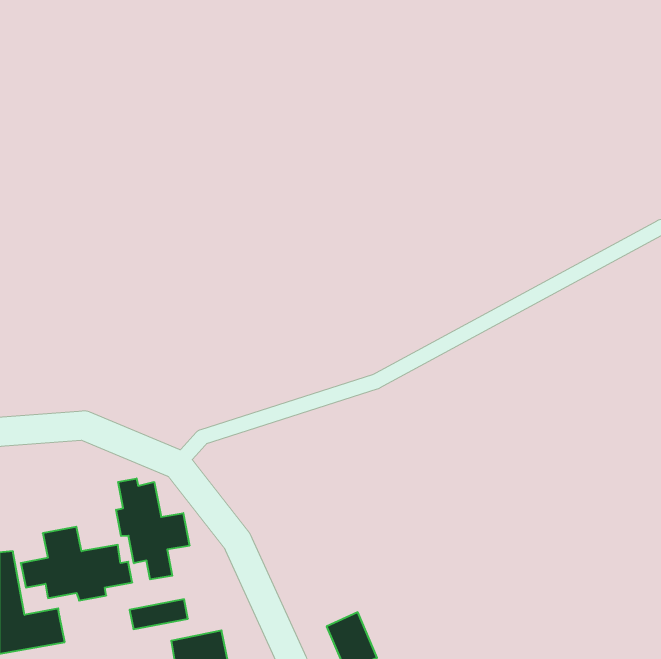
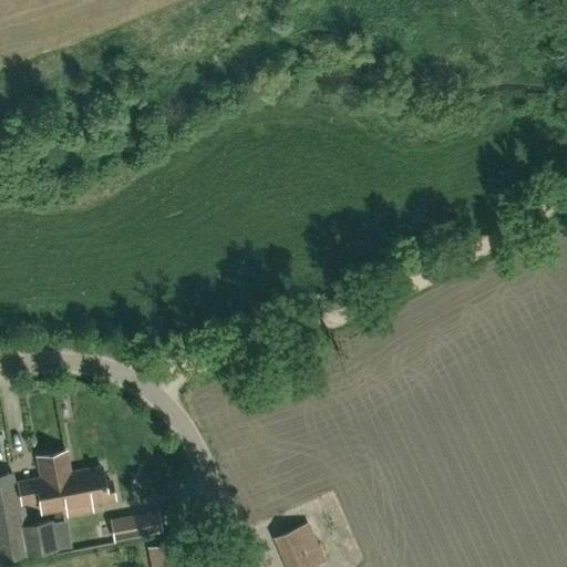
building: [116,478,189,579] -> none

